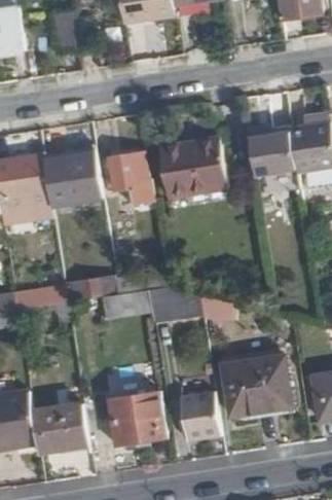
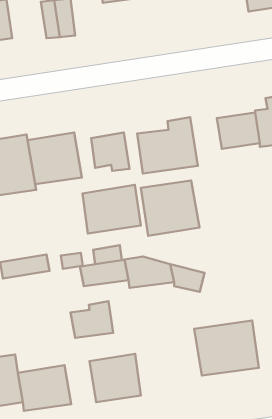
building: none -> [141,180,200,236]
building: none -> [83,185,141,233]
building: none -> [70,301,113,338]
building: [178,390,218,437] -> none

